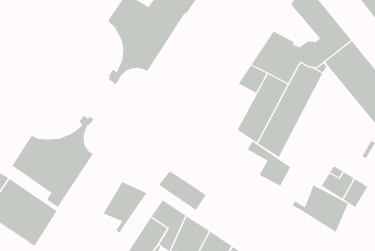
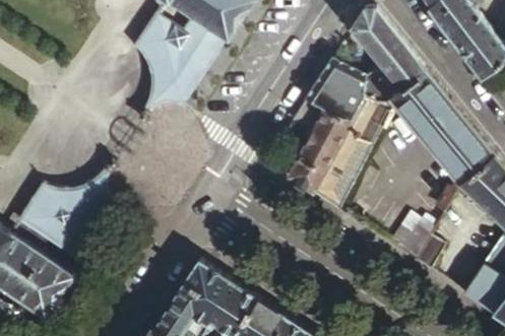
building: [247,140,291,186] -> none
building: [158,171,206,211] -> none
building: [103,181,147,234] -> none
building: [291,185,349,233] -> none

